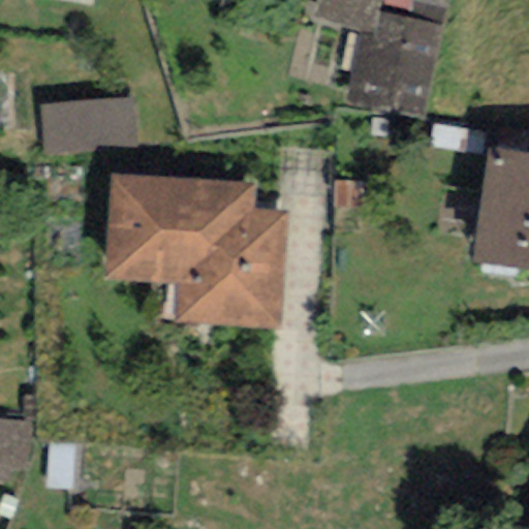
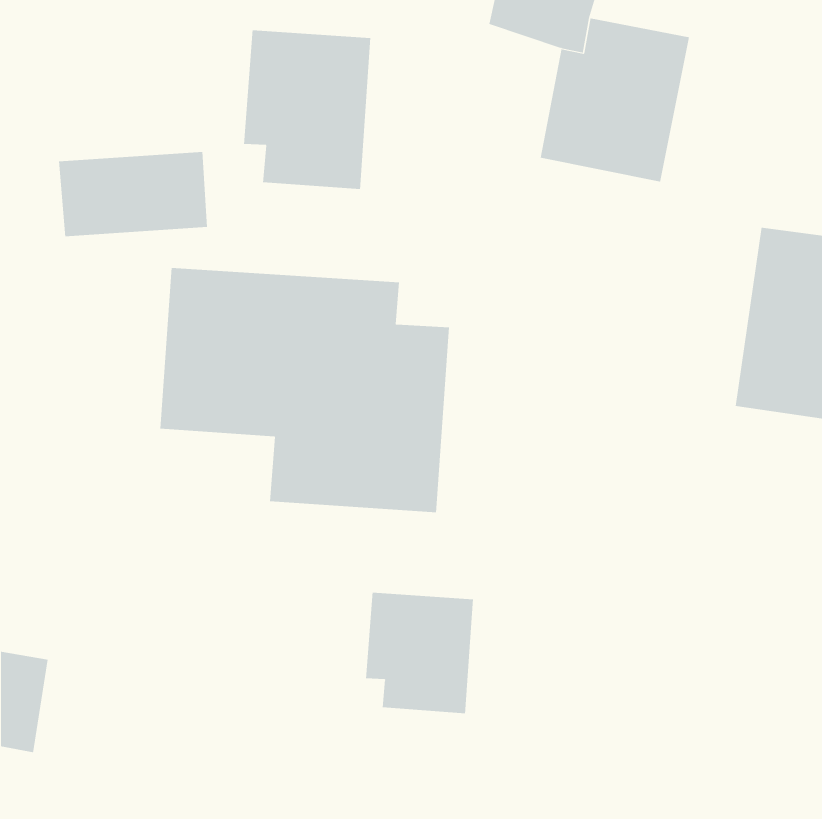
building: none -> [243,29,371,190]
building: none -> [366,592,473,714]

